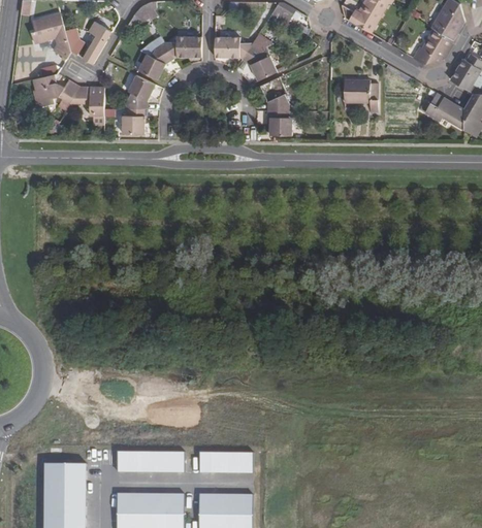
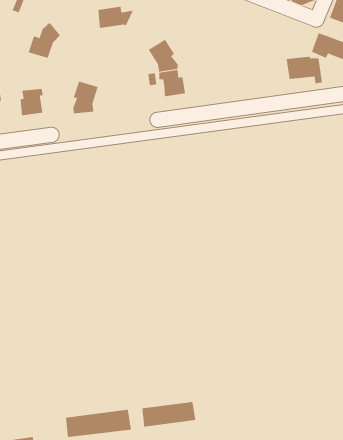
building: [164,36,201,58] -> none
building: [242,43,278,80] -> none
building: [125,75,155,109] -> [72,81,99,114]
building: [344,79,378,109] -> [286,56,323,84]

